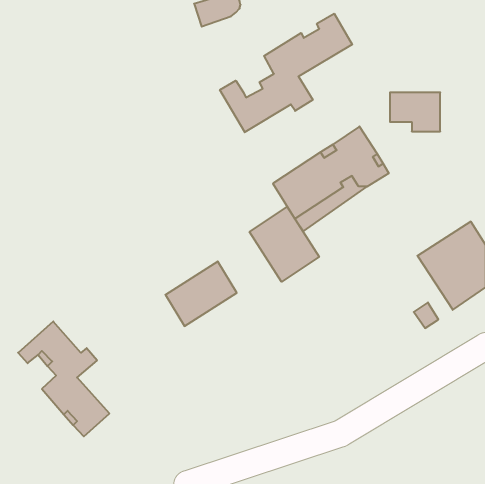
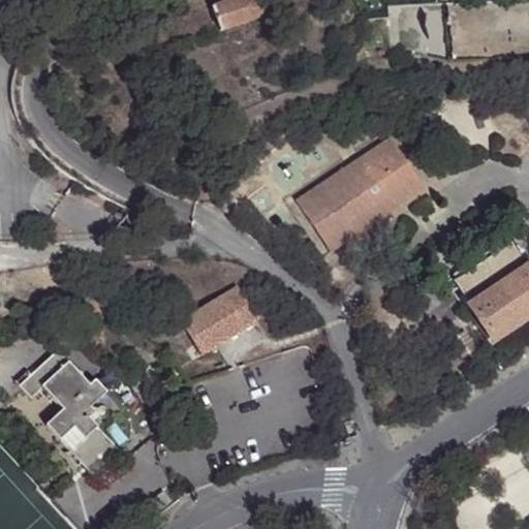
building: [220,14,352,132] -> none
building: [390,92,440,131] -> [393,5,447,48]
building: [250,207,319,282] -> none

